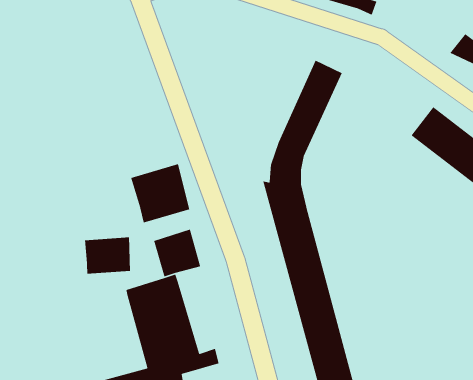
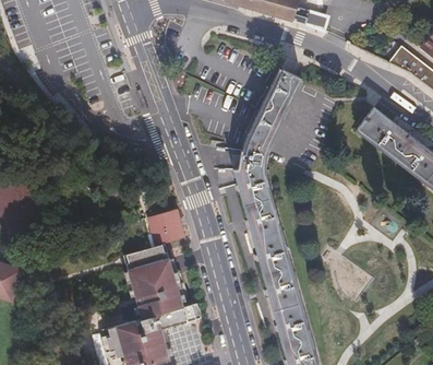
building: [130,163,190,223] -> none
building: [84,237,131,274] -> none

